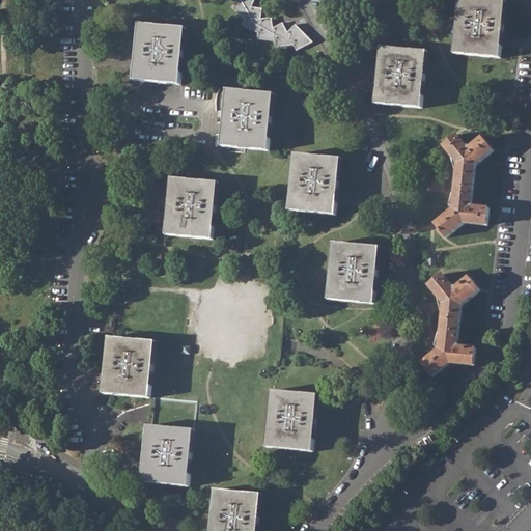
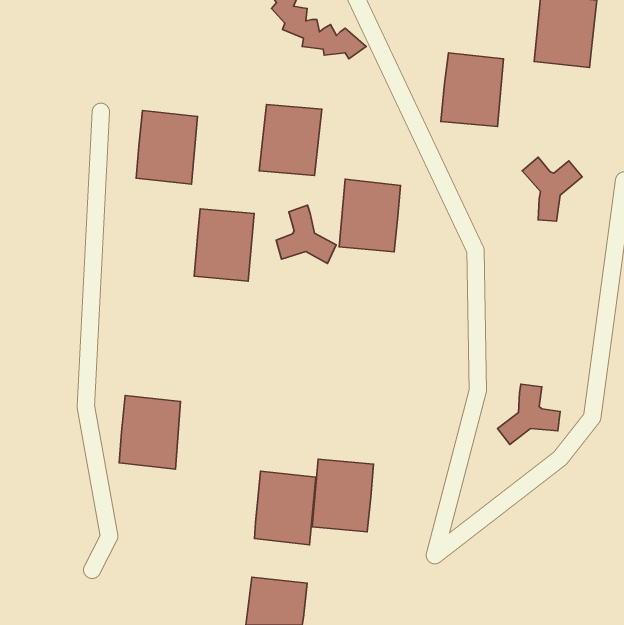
building: [131,23,183,85] -> [136,111,198,184]
building: none -> [276,205,336,263]
building: [432,186,486,236] -> none
building: [325,242,378,303] -> none
building: [427,274,478,327] -> none
building: [140,423,192,485] -> [254,471,316,545]

